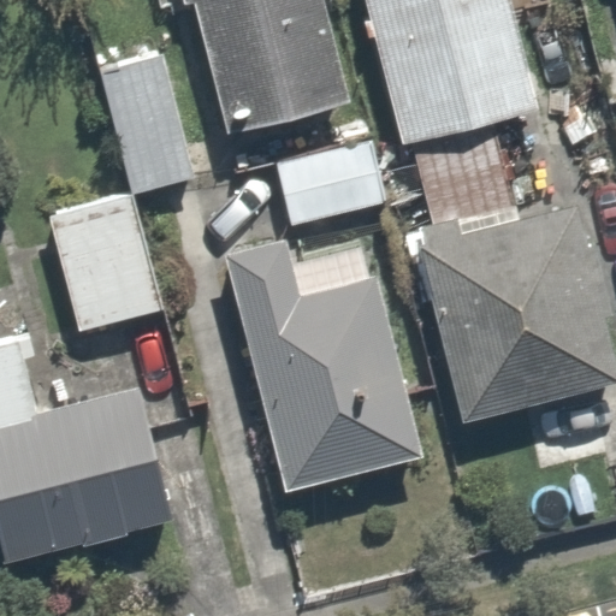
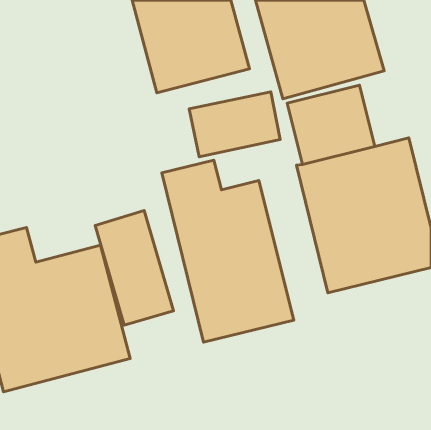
building: [96,48,195,184] -> none
building: [40,191,165,338] -> none
building: none -> [95,210,174,325]

